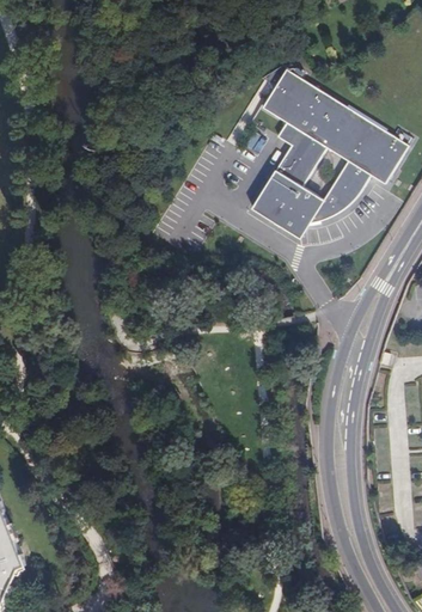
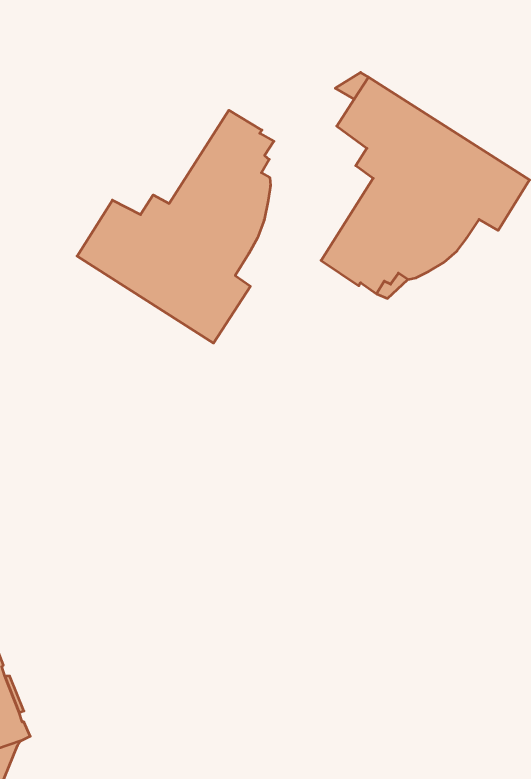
building: none -> [77,110,274,343]

